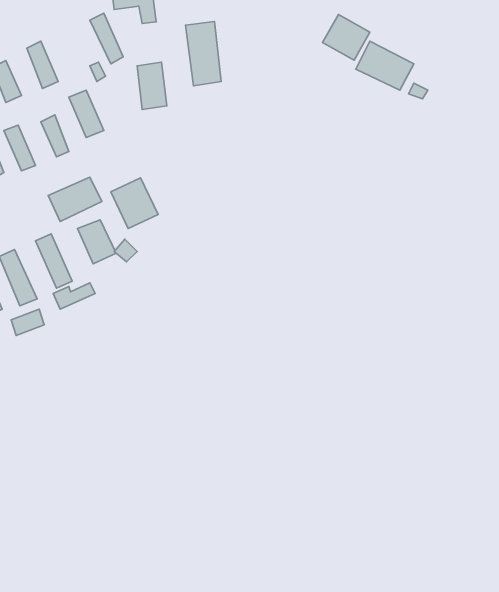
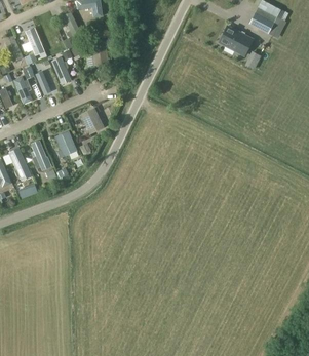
building: [323,15,370,60] -> [249,7,277,34]
building: [186,22,221,86] -> none
building: [48,177,102,221] -> none

